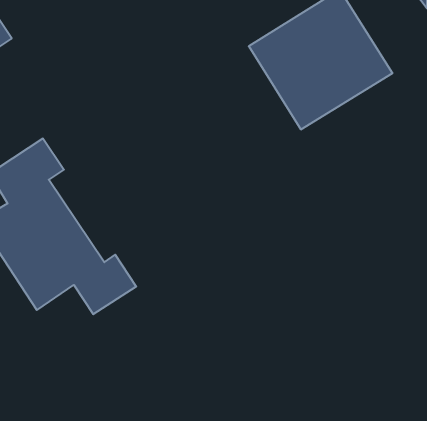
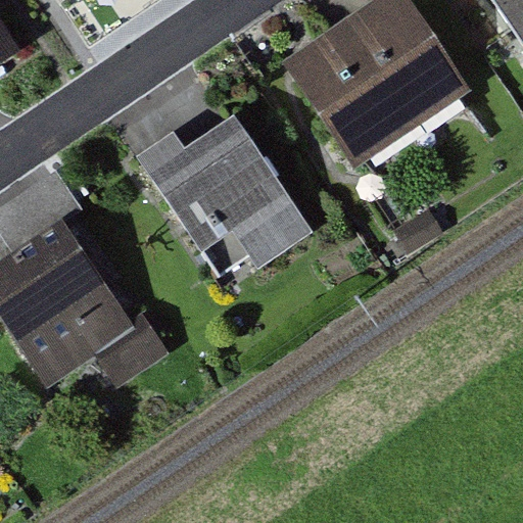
building: none -> [133,117,307,276]

